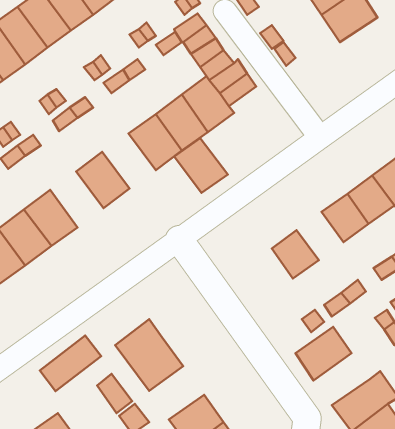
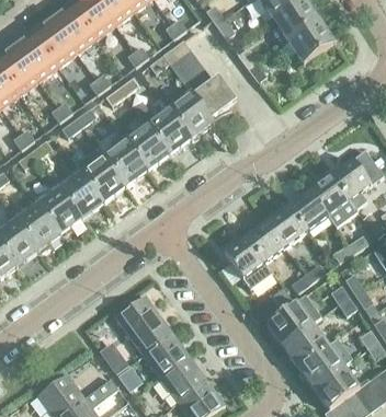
building: [174,138,228,193] -> [103,139,148,185]
building: none -> [56,166,104,218]
building: none -> [266,205,306,245]
building: none -> [224,235,271,287]
building: [40,336,101,391] -> none
building: none -> [281,323,328,367]
building: none -> [143,334,189,379]

